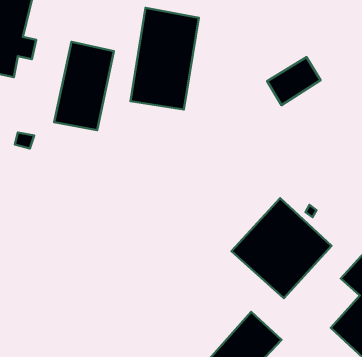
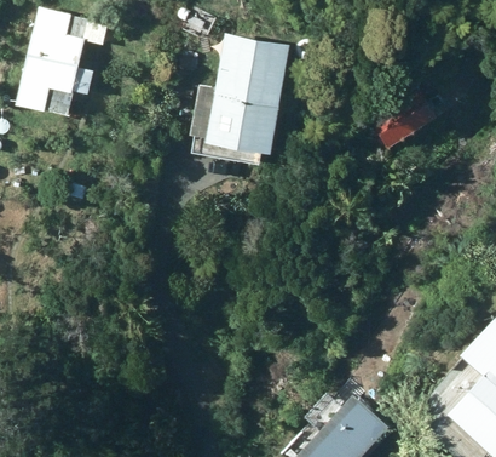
building: [54,42,114,130] -> none
building: [231,198,331,298] -> none

